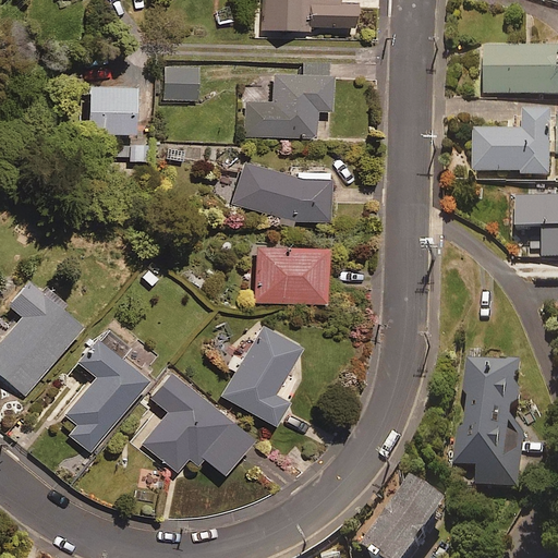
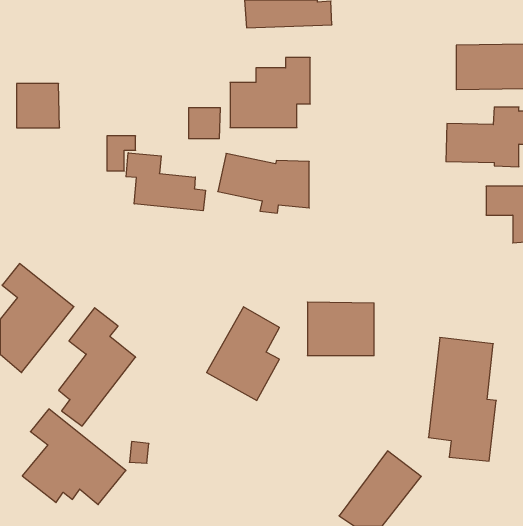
building: [165,66,198,99] -> [189,108,220,139]
building: [87,85,133,132] -> [17,84,60,128]
building: none -> [126,153,205,211]
building: [255,245,326,302] -> [307,302,374,356]
building: [141,372,251,473] -> [22,409,126,505]

